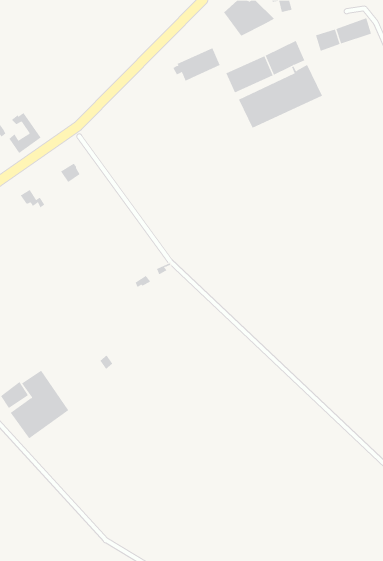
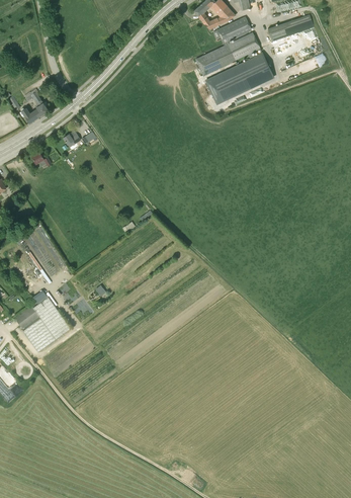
building: [173,48,221,82] -> [213,16,252,44]

